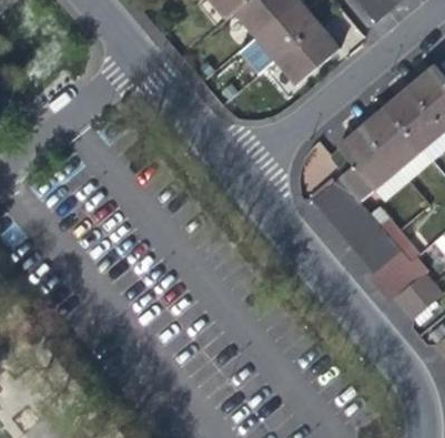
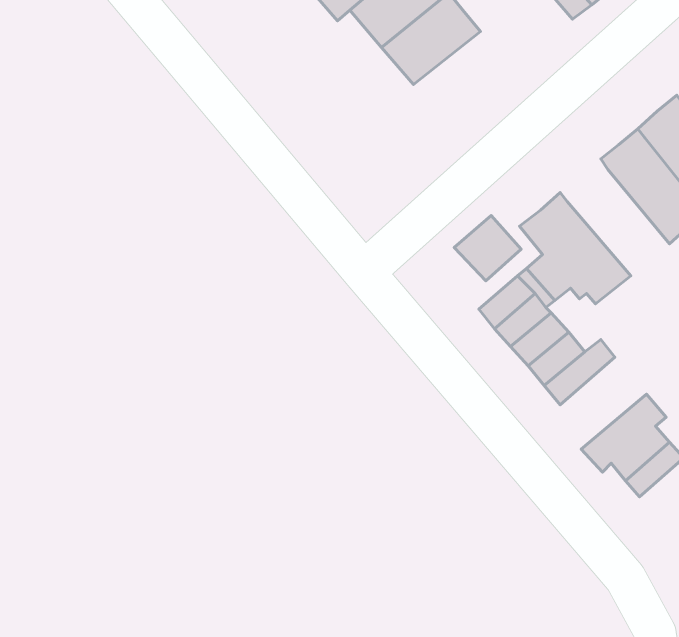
building: [272,27,334,85] -> none
building: [364,106,433,180] -> none
building: [364,231,429,288] -> none

